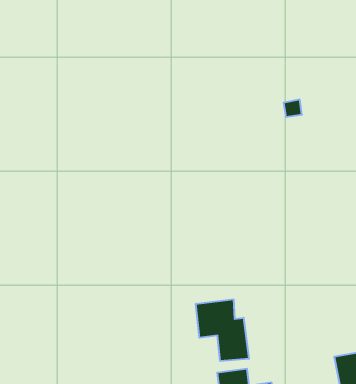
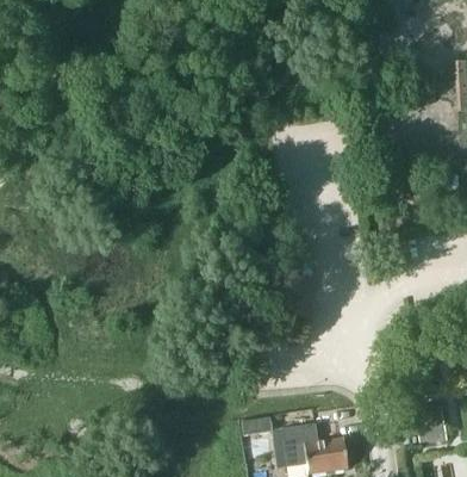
building: [196,299,249,361] -> none

